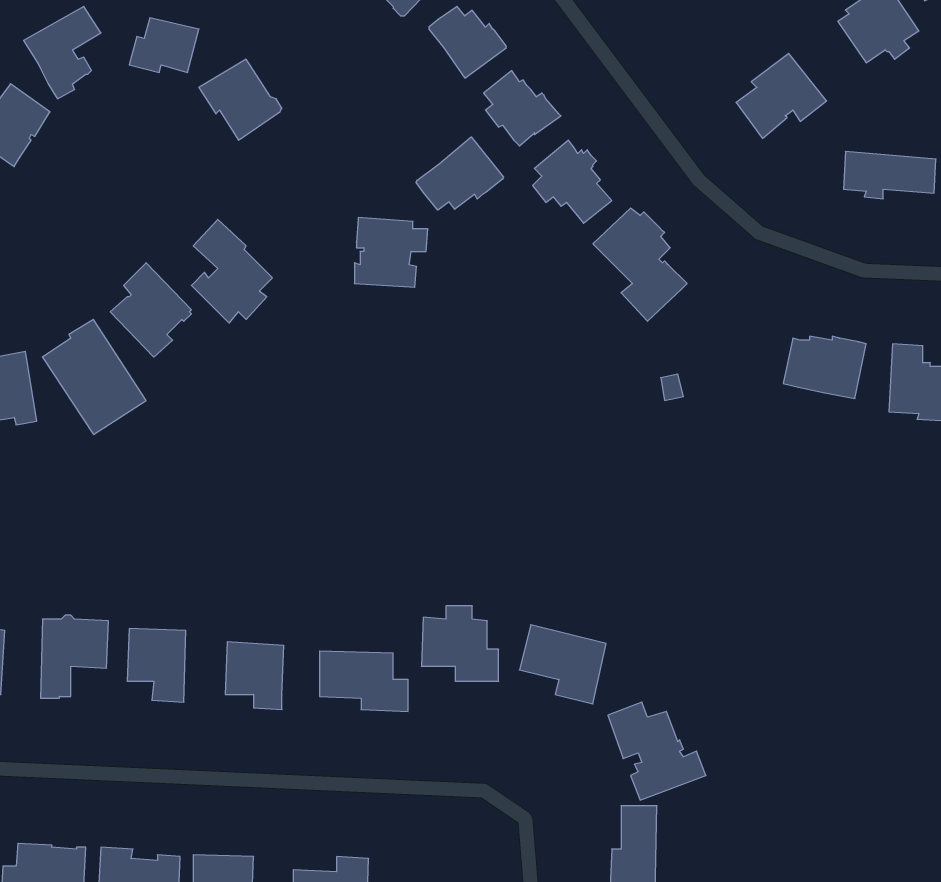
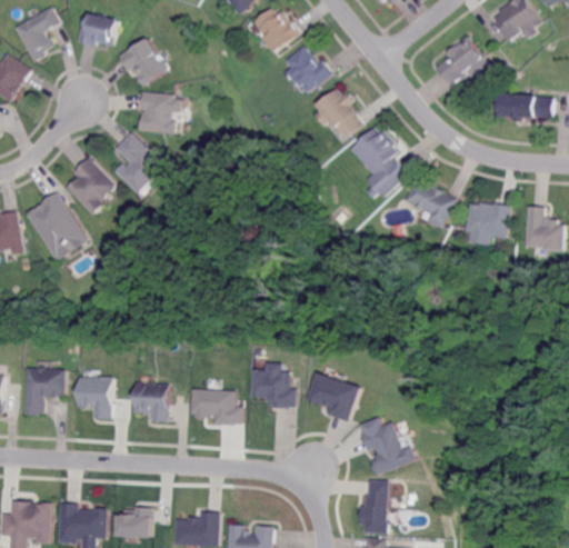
building: [416,137,504,210] -> none
building: [354,218,428,287] -> [138,92,181,133]
building: none -> [405,178,457,229]

